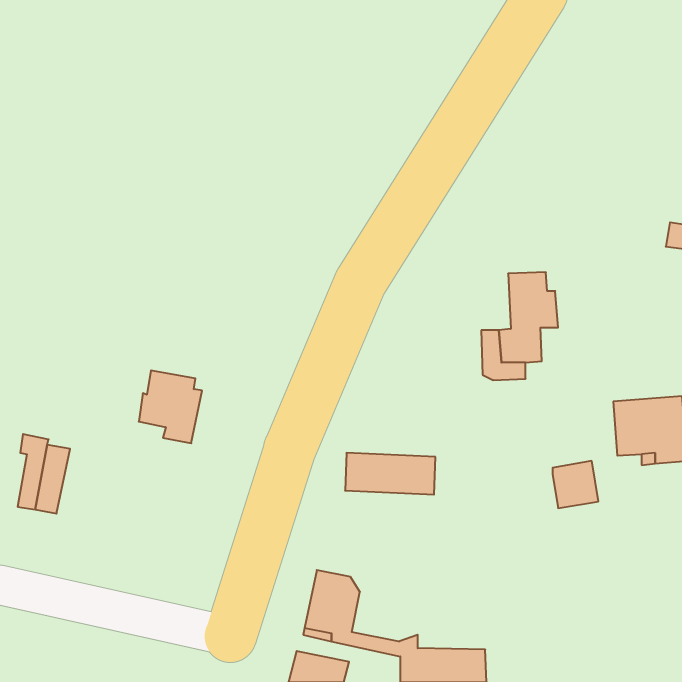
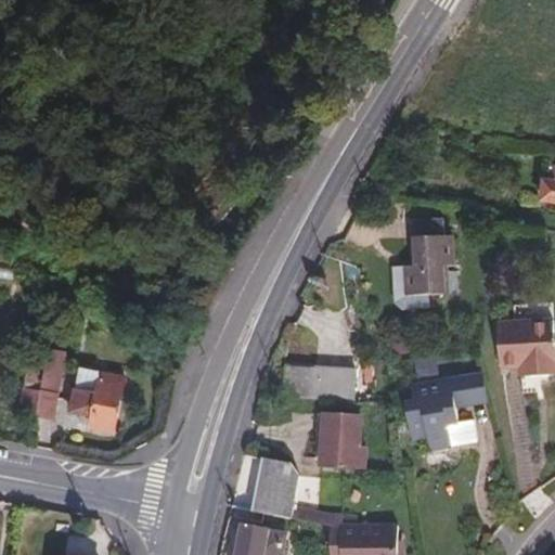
building: [139,370,202,443] -> [72,369,122,427]
building: none -> [405,382,457,449]
building: none -> [320,415,366,469]

